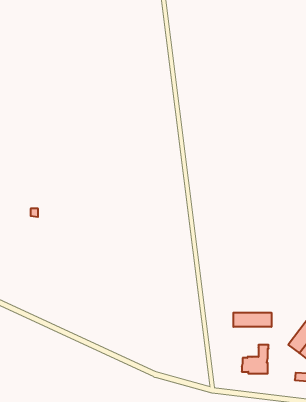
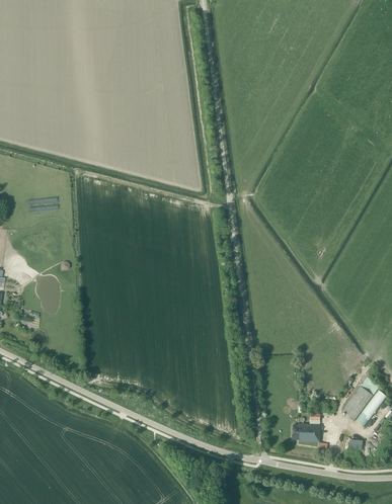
building: [233,313,271,327] -> none

